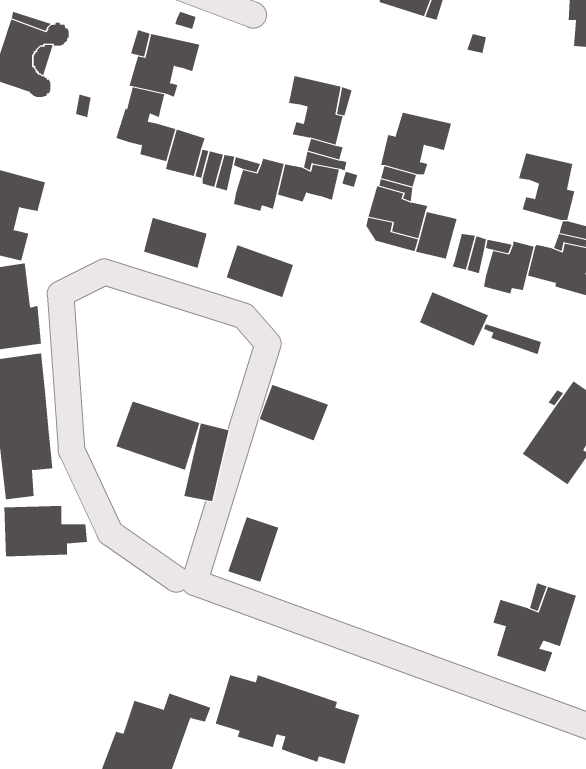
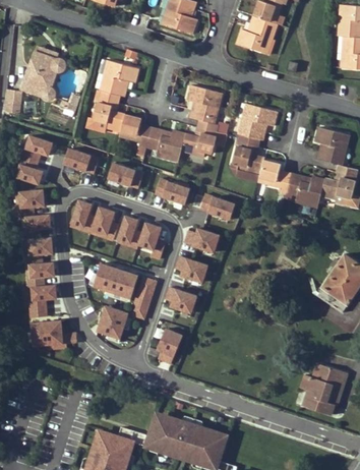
building: none -> [62,149,98,176]
building: none -> [68,200,165,256]
building: [419,291,489,346] -> [197,193,236,224]
building: none -> [182,228,220,257]
building: none -> [162,287,197,316]
building: none -> [95,306,128,342]

